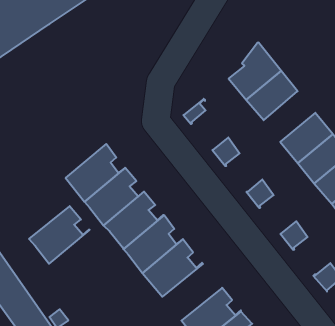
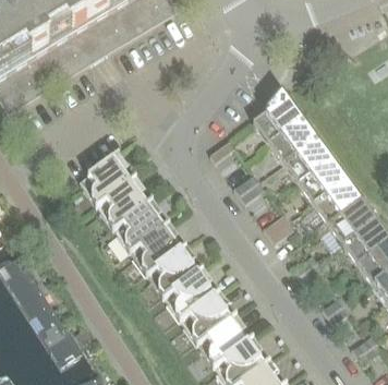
building: none -> [279,132,327,178]
building: [29,206,90,264] -> [75,148,132,201]
building: none -> [177,287,232,338]

